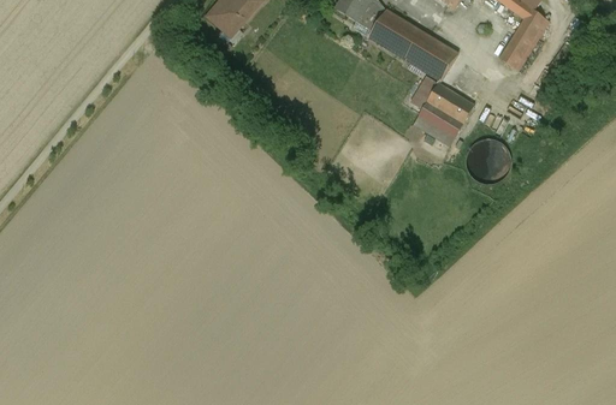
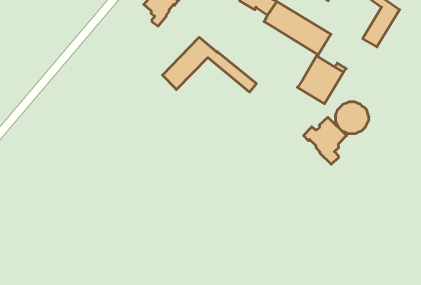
building: none -> [162,37,256,92]
building: none -> [304,117,347,164]

